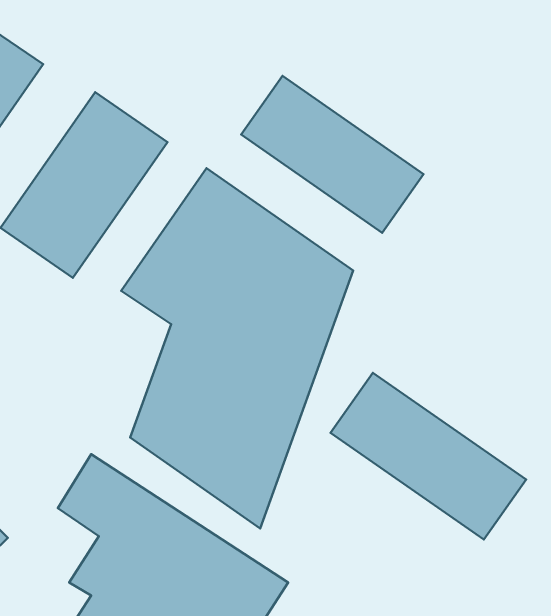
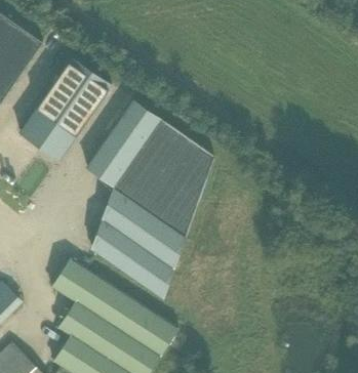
building: [241,76,423,233] -> none
building: [330,373,526,540] -> none

